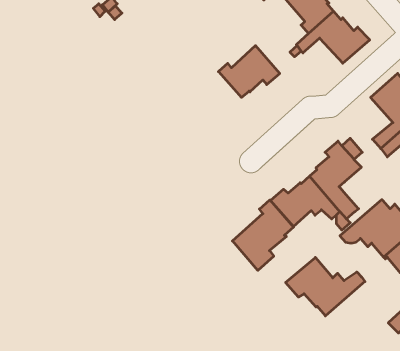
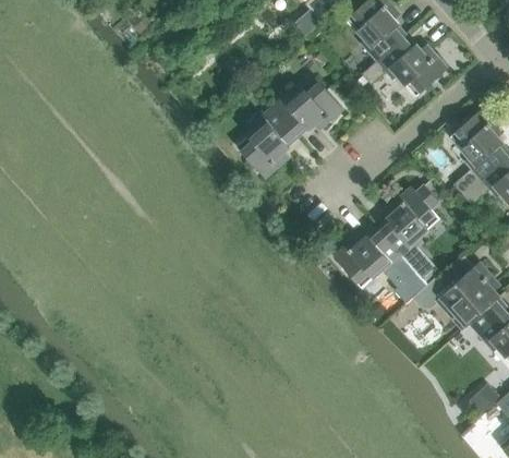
building: none -> [235,107,299,179]
building: [232,200,294,270] -> none
building: [286,257,365,316] -> none

